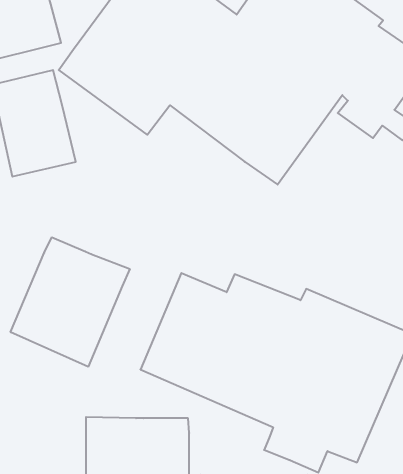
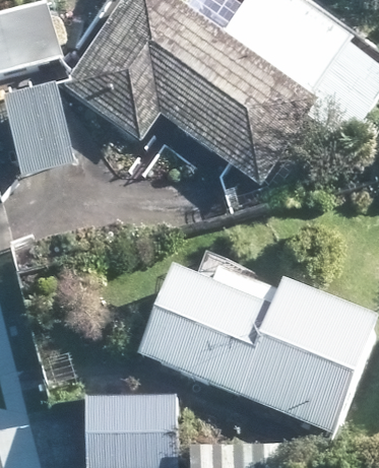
building: [11,237,130,367] -> none

